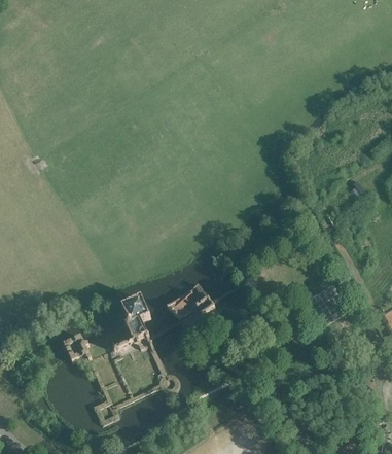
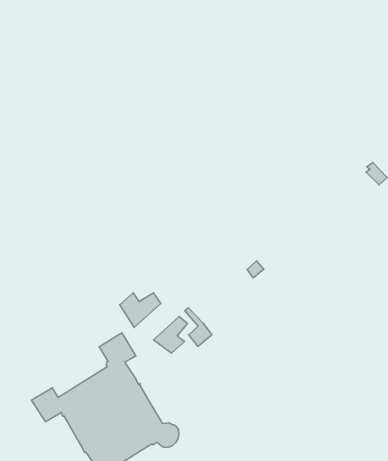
building: none -> [120,293,161,327]

